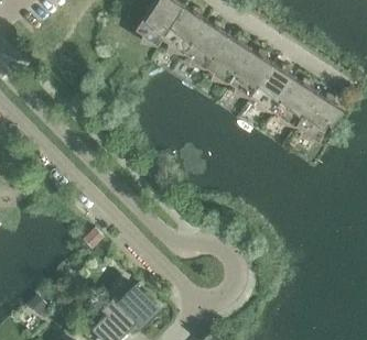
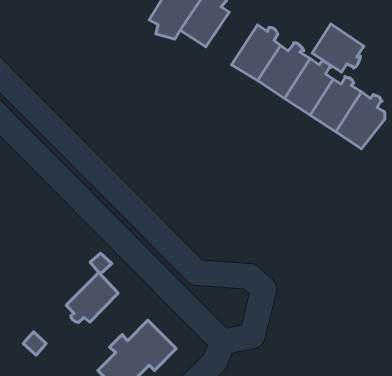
building: [183,21,227,68] -> none
building: none -> [312,24,364,72]
building: none -> [66,272,118,322]

